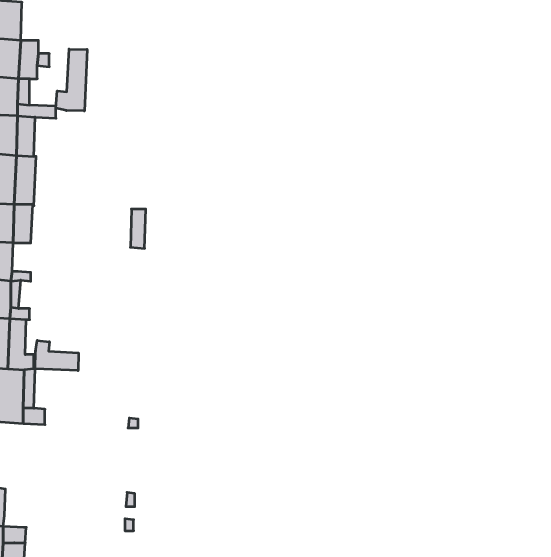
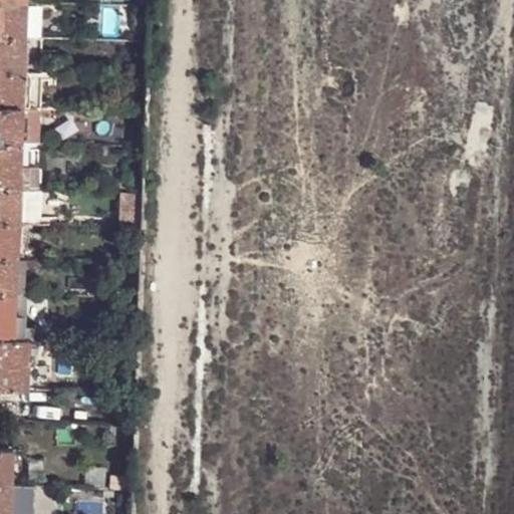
building: [56,49,87,111] -> none
building: [35,340,78,371] -> none

